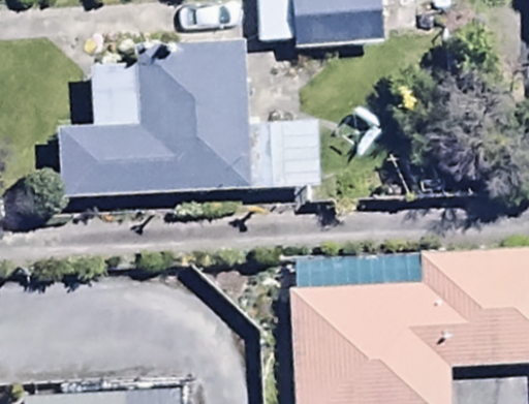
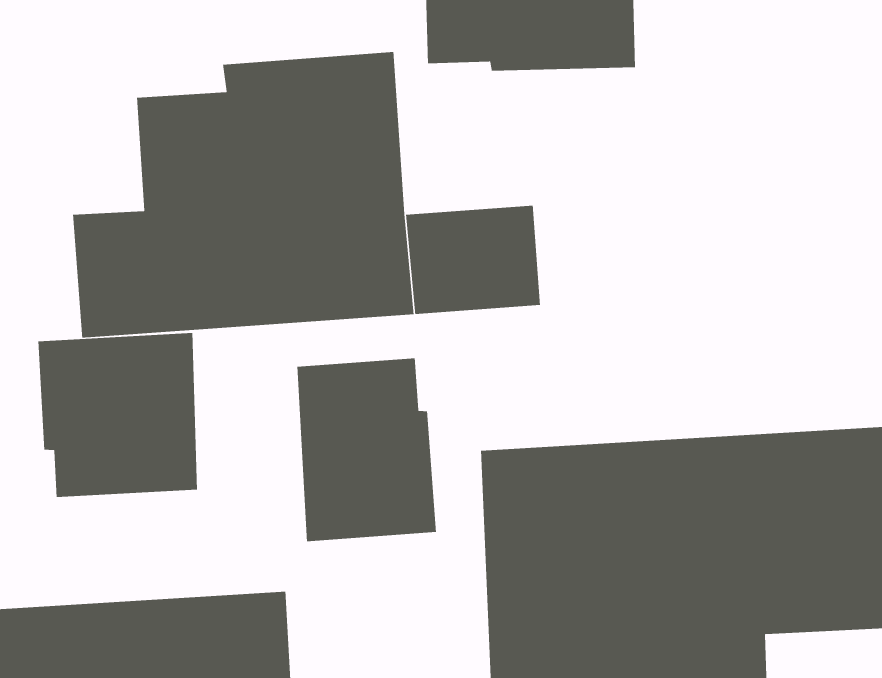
building: none -> [38,332,198,498]
building: none -> [297,358,437,542]

